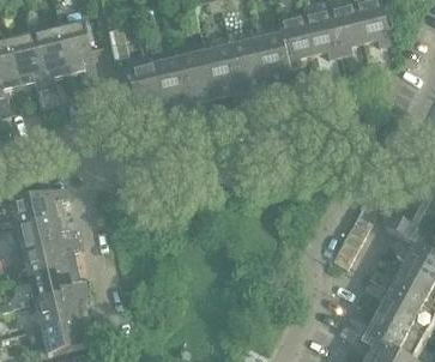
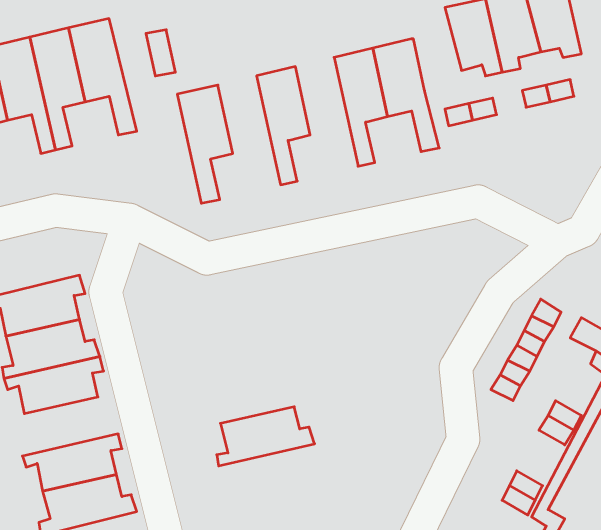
building: [276,14,312,68] -> none
building: [204,47,244,120] -> none
building: [153,59,194,132] -> none
building: [25,267,89,306] -> [217,407,315,466]

